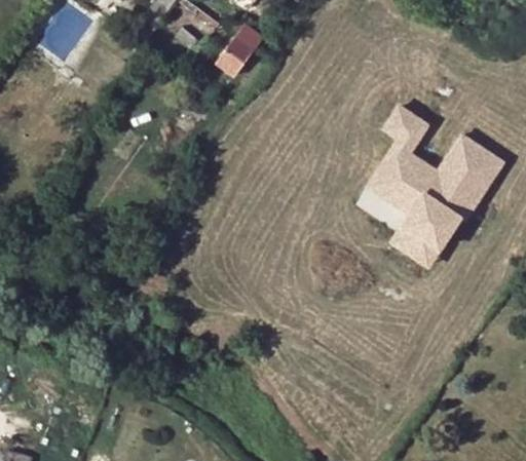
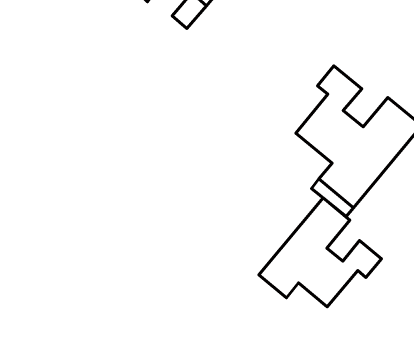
building: none -> [259,198,381,307]

